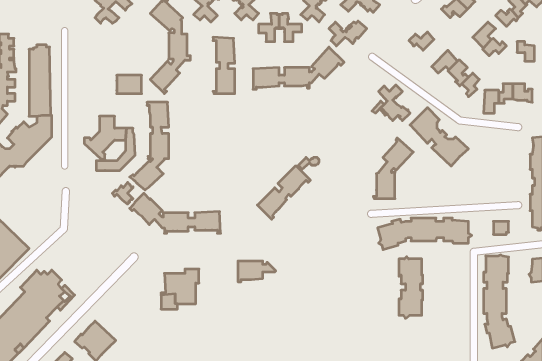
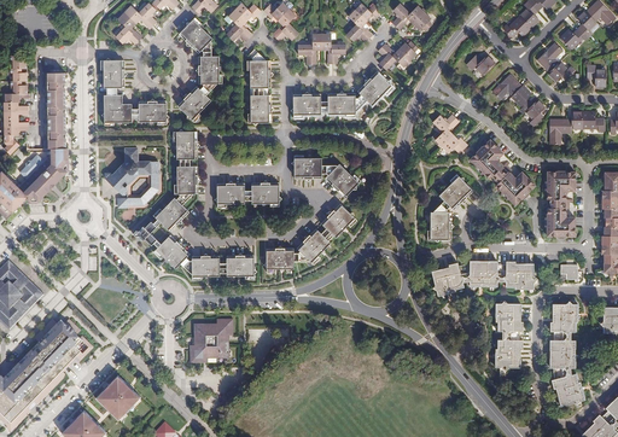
building: none -> [105,60,126,87]
building: none -> [105,94,134,126]
building: none -> [295,153,361,197]
building: none -> [543,169,572,234]
building: none -> [217,181,281,206]
building: [399,257,423,318] -> [495,302,521,371]
building: [238,261,276,282] -> [267,247,309,270]

